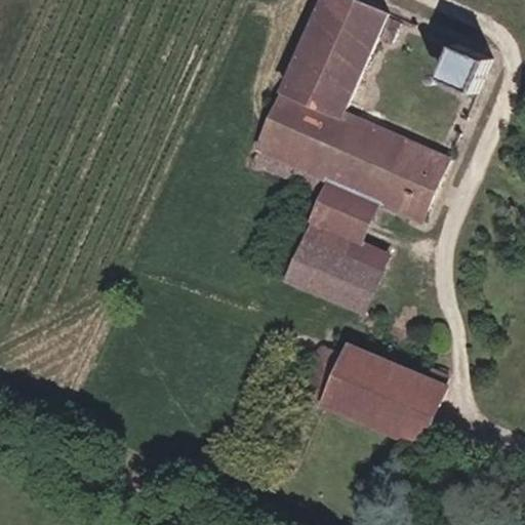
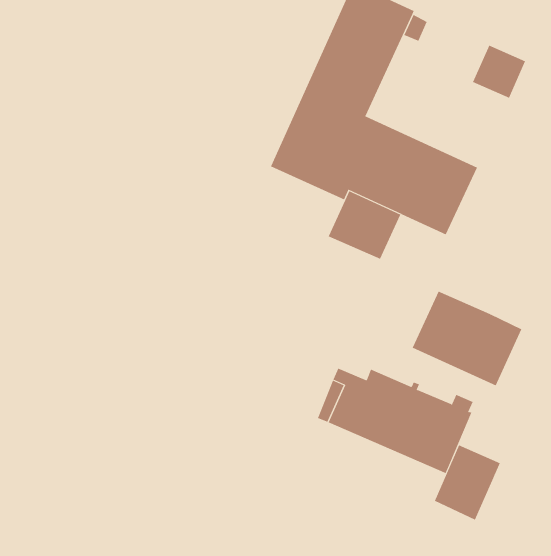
building: [283,221,387,311] -> [412,291,522,386]
building: none -> [434,445,501,520]

